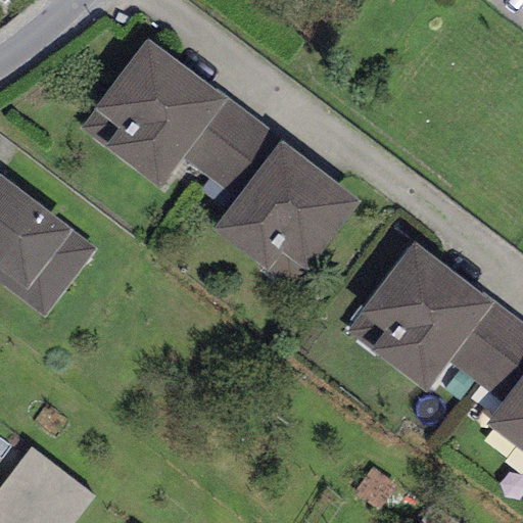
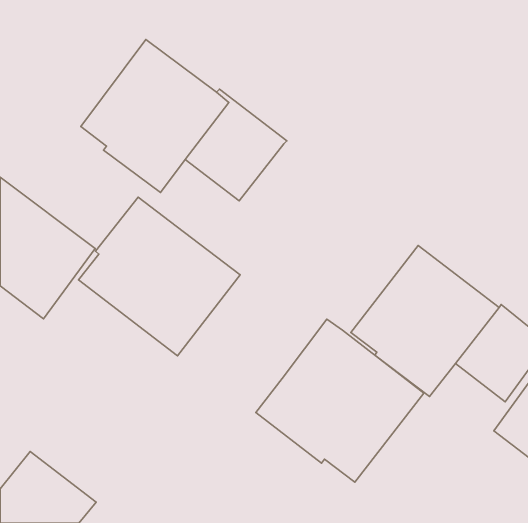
building: [212,142,359,286] -> none
building: none -> [79,197,240,356]
building: none -> [256,319,424,482]

